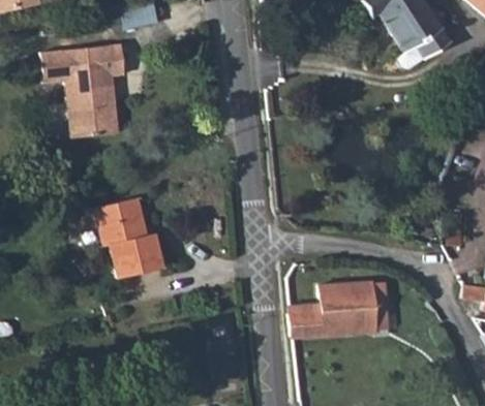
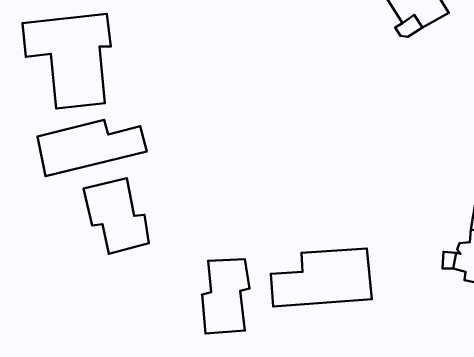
building: none -> [38,120,147,176]
building: none -> [202,259,249,333]

